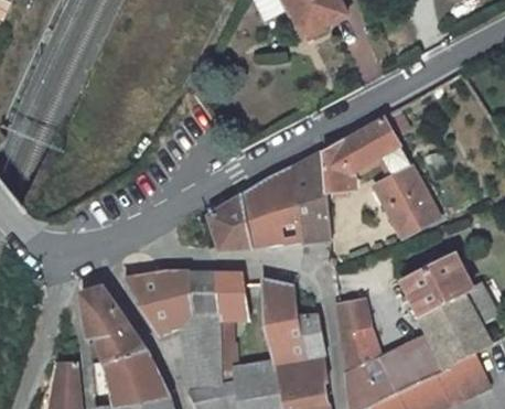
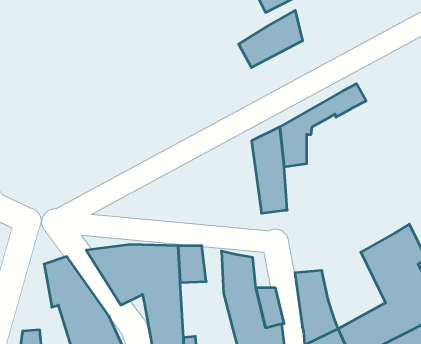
building: none -> [239,10,303,68]
building: [374,136,438,237] -> none
building: [211,168,302,249] -> none

